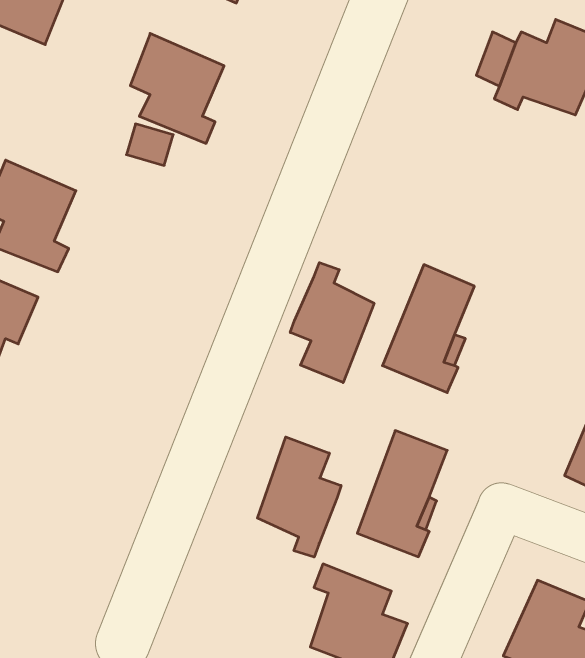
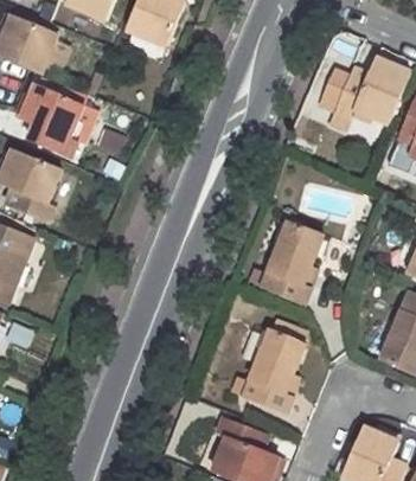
building: [130,33,224,143] -> [21,85,83,158]
building: [290,263,374,383] -> none
building: [257,437,341,557] -> none

